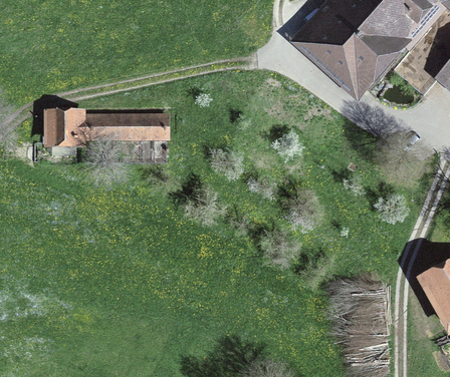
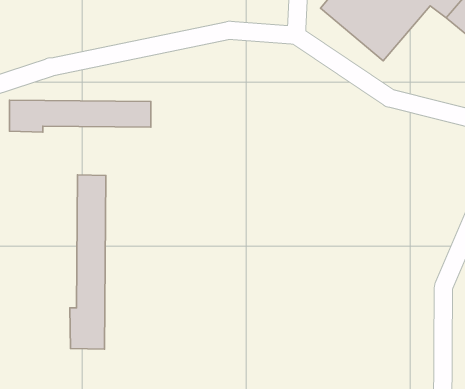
building: none -> [70,175,106,349]

